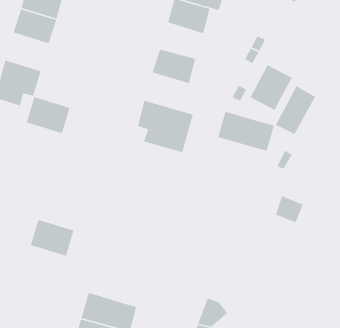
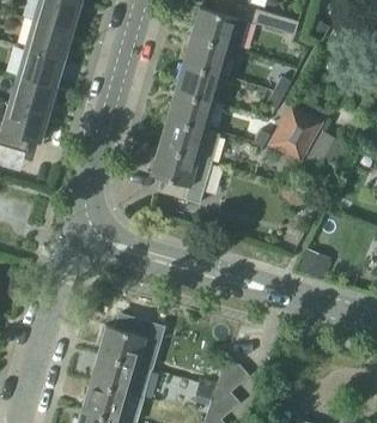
building: none -> [175,64,223,102]
building: [26,96,70,134] -> [8,74,56,115]
building: [217,111,275,152] -> [158,117,220,162]
building: [30,219,74,257] -> [98,325,146,365]

